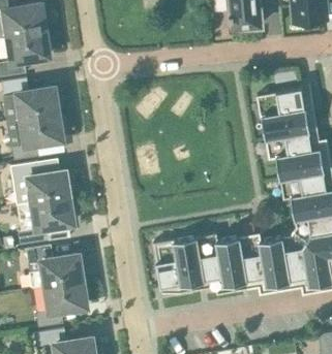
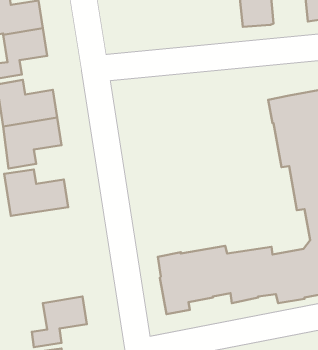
building: [17,197,74,246] -> none
building: [27,246,84,288] -> none

